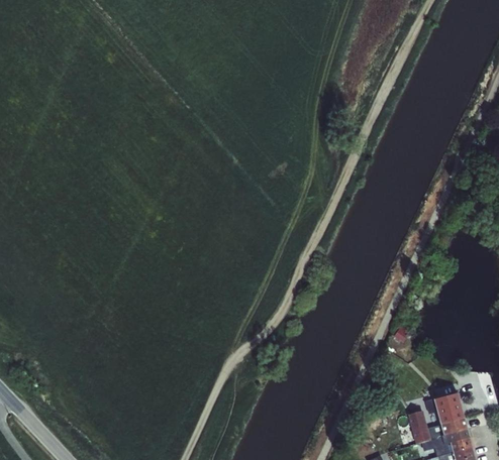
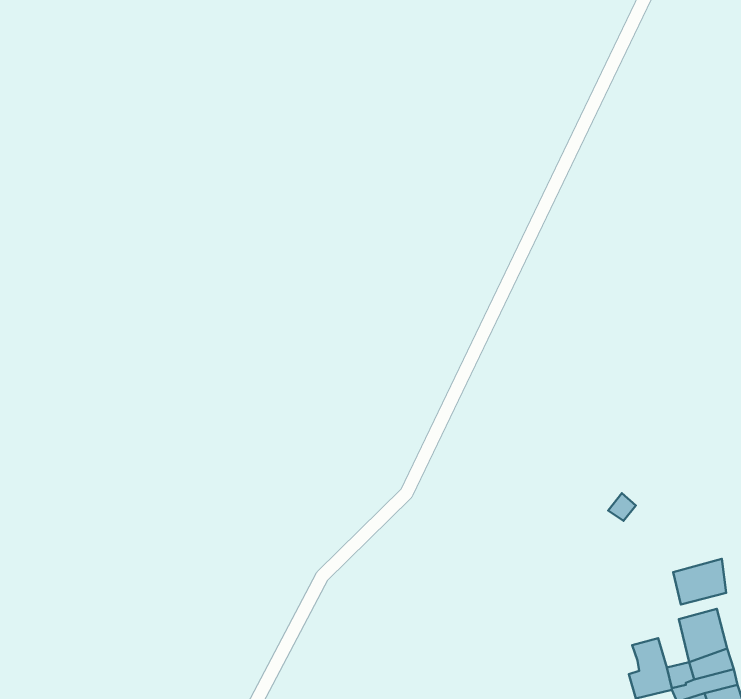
building: none -> [673,559,726,605]

